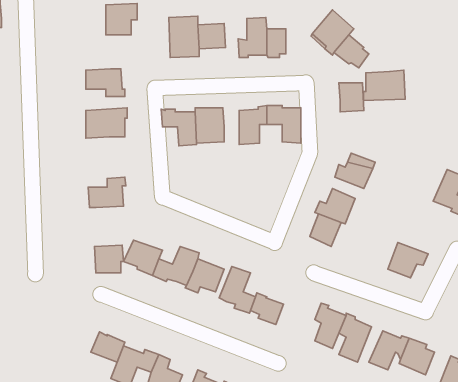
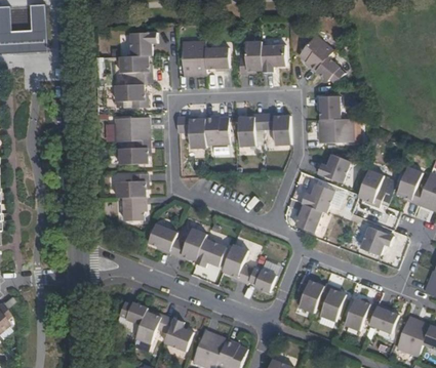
building: none -> [118,56,150,84]
building: [363,70,405,100] -> [318,117,352,141]
building: none -> [118,139,148,163]
building: none -> [357,169,382,206]
building: [95,245,123,273] -> [121,196,145,218]

